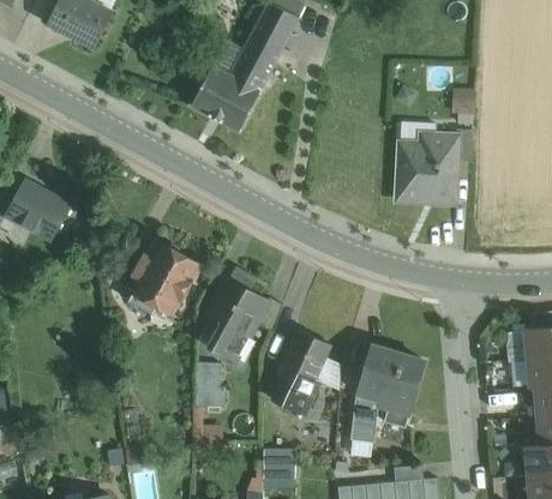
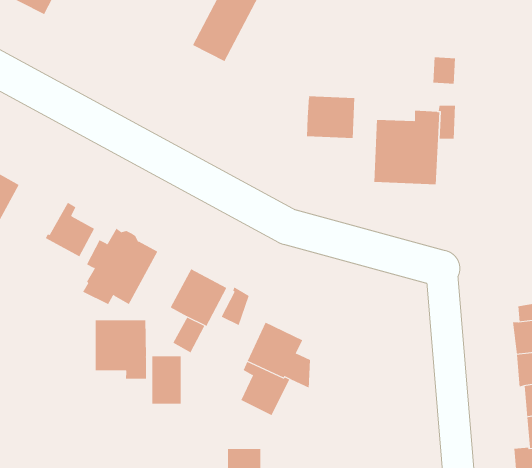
building: [190,66,260,133] -> none
building: none -> [306,95,355,139]
building: none -> [45,202,95,257]
building: none -> [95,319,147,380]
building: [349,350,424,444] -> none

